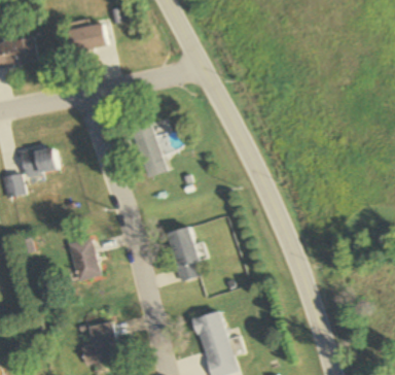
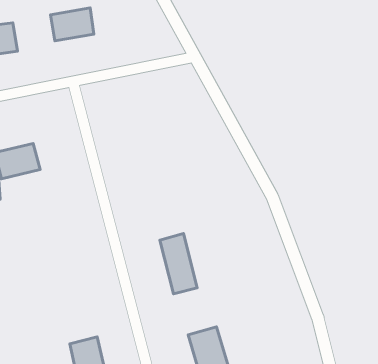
building: [131,122,167,177] -> none
building: [68,238,100,282] -> none

